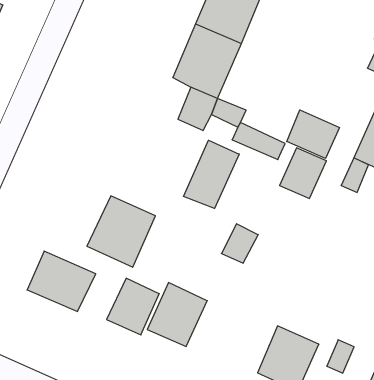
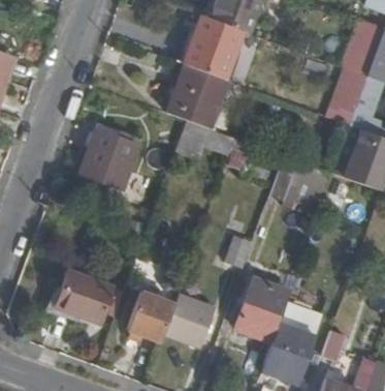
building: [287,110,340,158] -> none
building: [184,140,239,208] -> none
building: [87,196,155,267] -> [77,127,135,188]
building: none -> [234,281,288,341]

